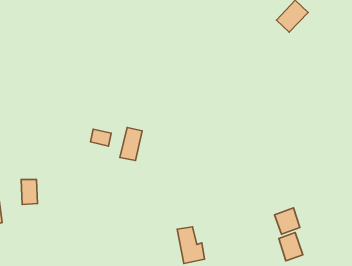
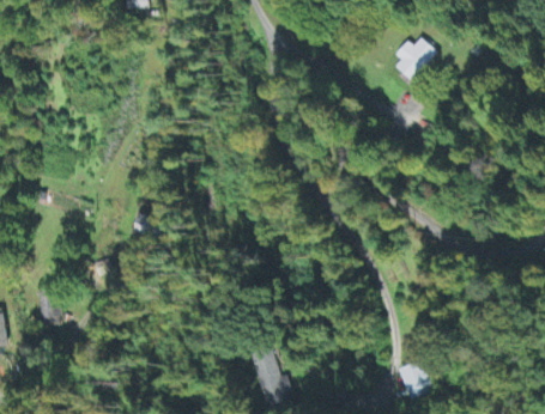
building: [120,127,142,160] -> none
building: [274,208,300,234] -> none

